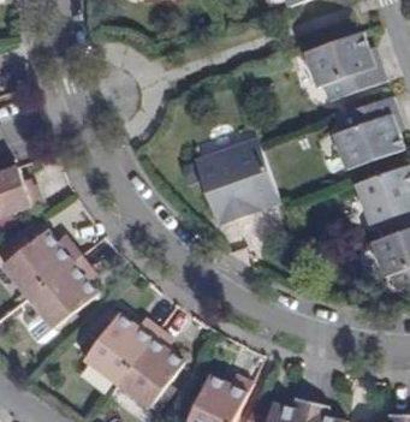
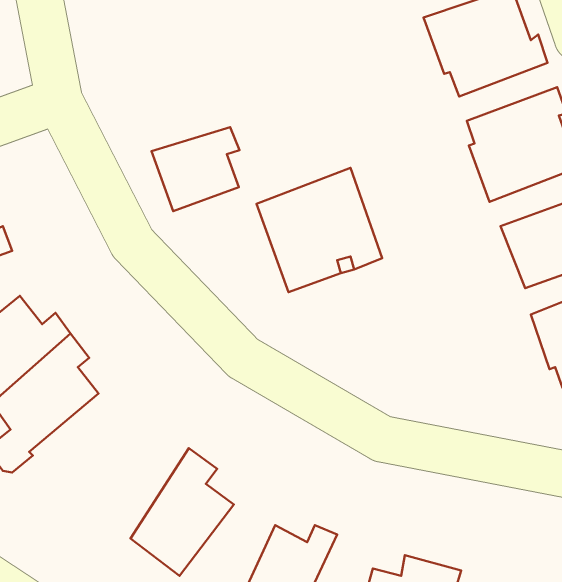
building: none -> [152,127,240,211]
building: [83,313,154,384] -> none

